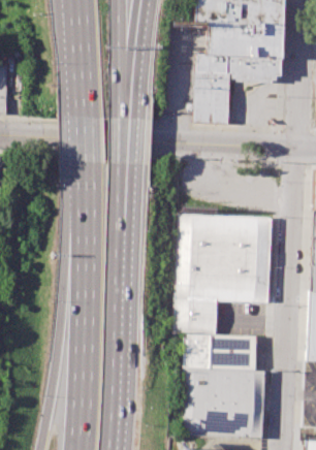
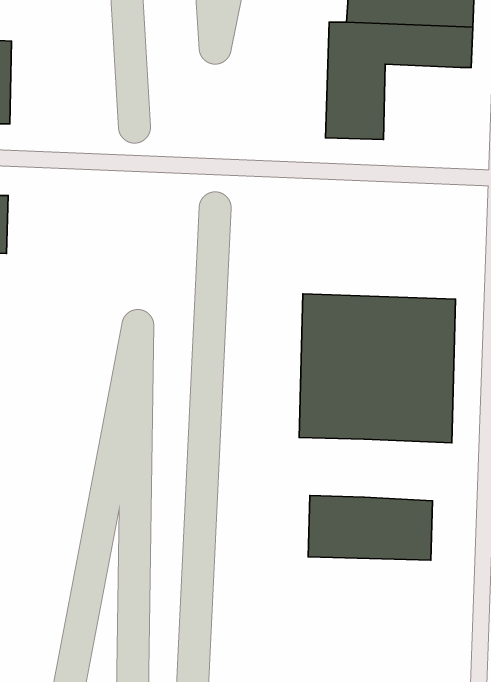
building: [178,299,217,334] -> none
building: [182,369,264,438] -> none

